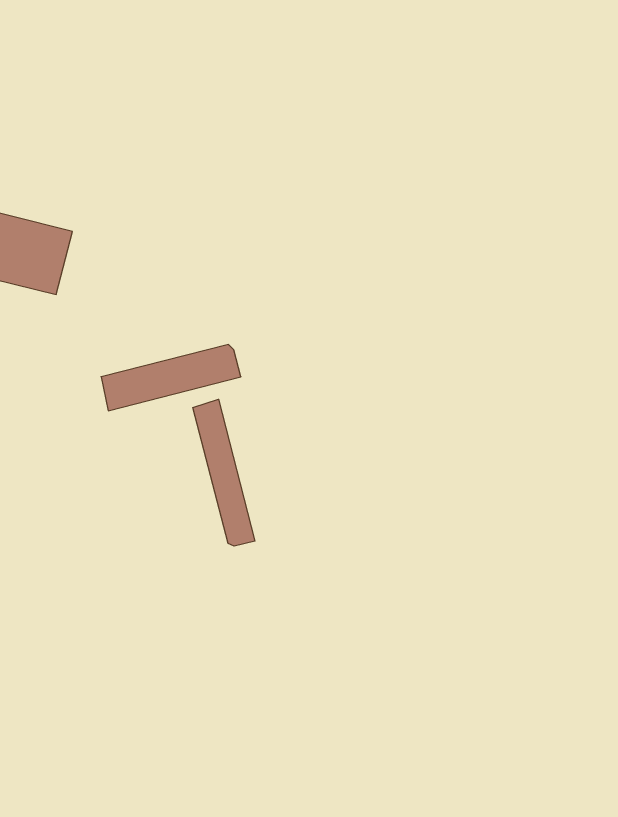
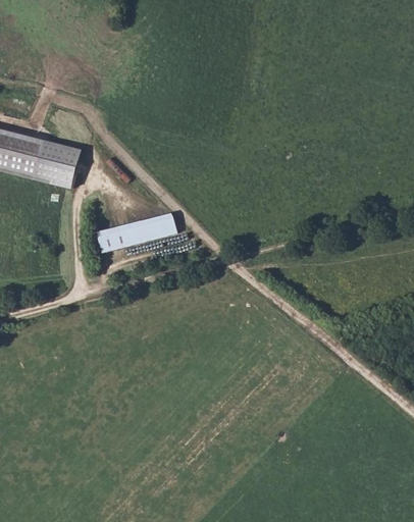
building: [193,399,255,546] -> none

